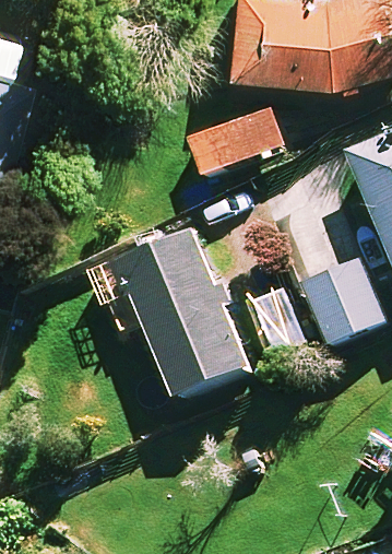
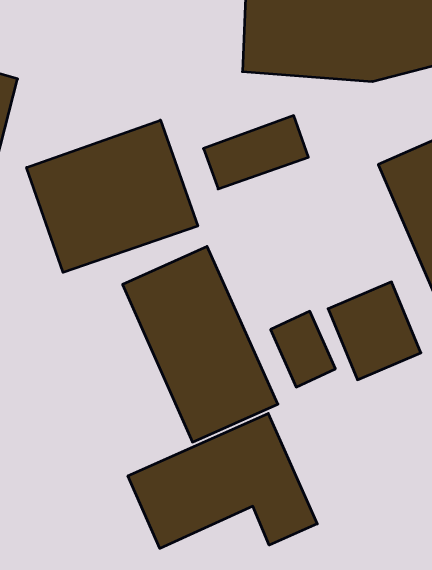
building: none -> [27,120,198,272]
building: none -> [128,413,317,548]

